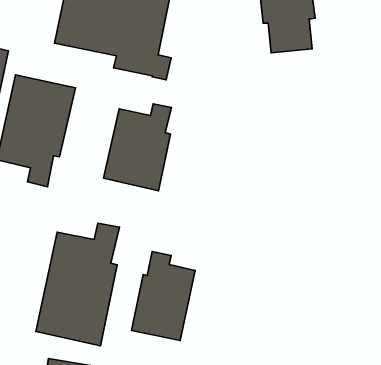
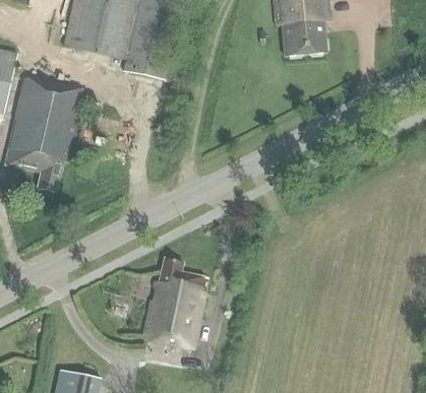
building: [104,104,172,191] -> none
building: [36,223,119,346] -> none

